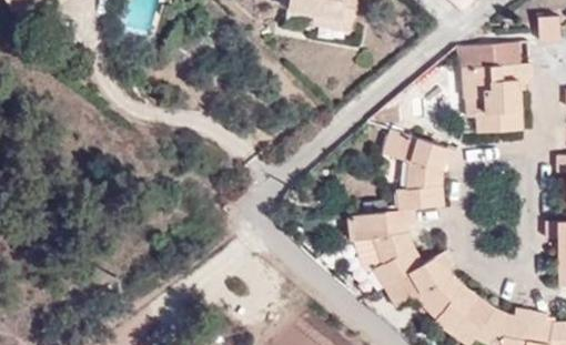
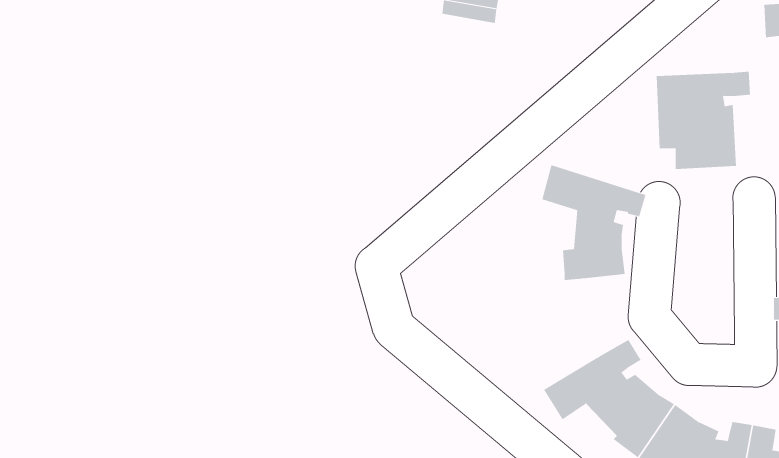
building: [462,42,517,67] -> none
building: [347,209,423,286] -> none

